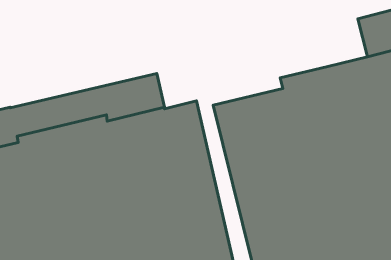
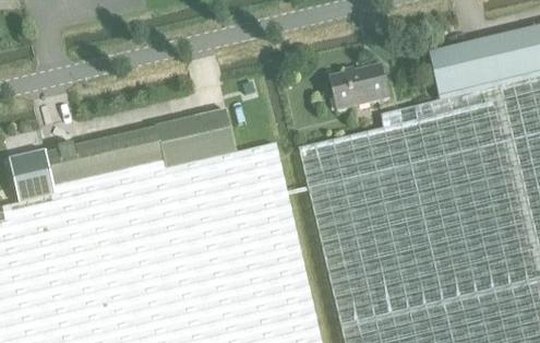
building: none -> [429,42,489,100]
building: none -> [328,62,389,110]

